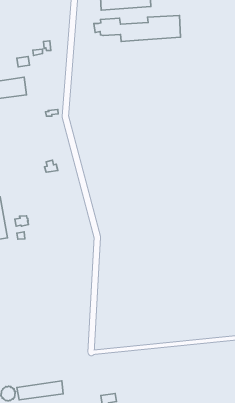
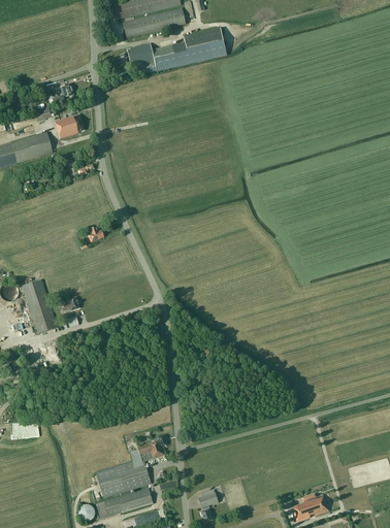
building: none -> [55,114,83,138]
building: none -> [95,434,165,498]

